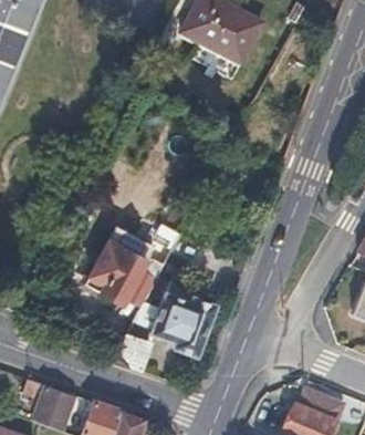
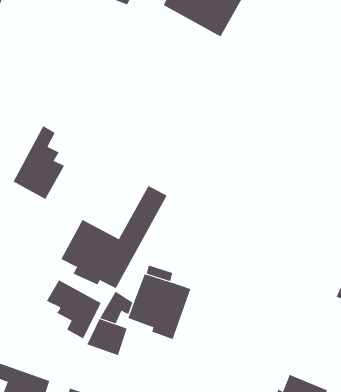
building: none -> [13,125,65,200]
building: none -> [46,279,102,339]

